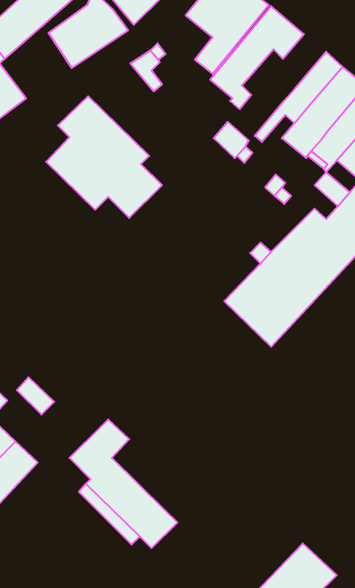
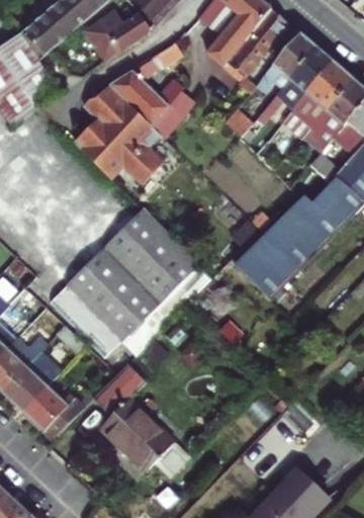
building: none -> [255,31,317,90]
building: none -> [109,69,201,137]
building: none -> [53,210,213,358]

